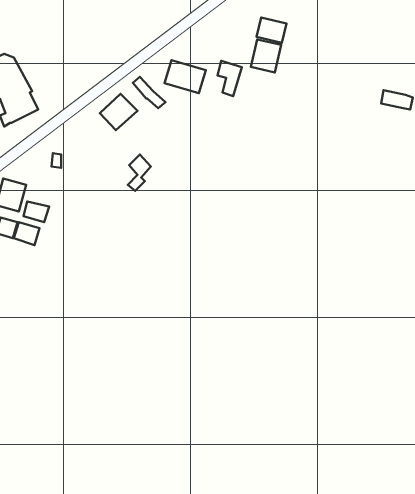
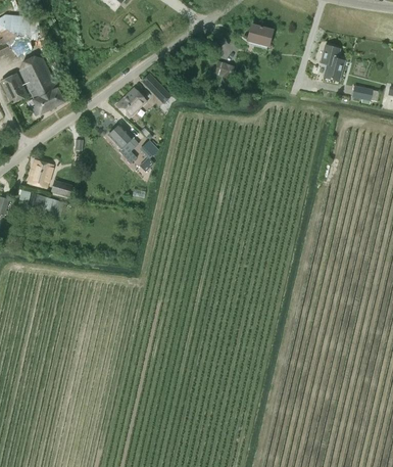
building: [251,40,281,72] -> none
building: none -> [321,45,344,82]
building: [165,60,206,93] -> none
building: none -> [108,124,139,164]

